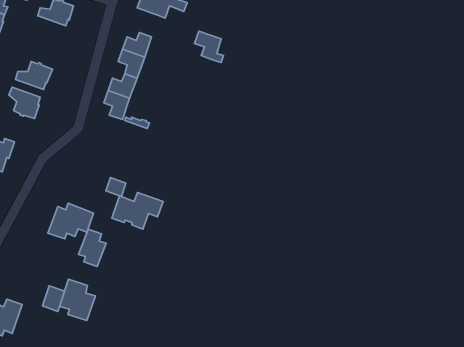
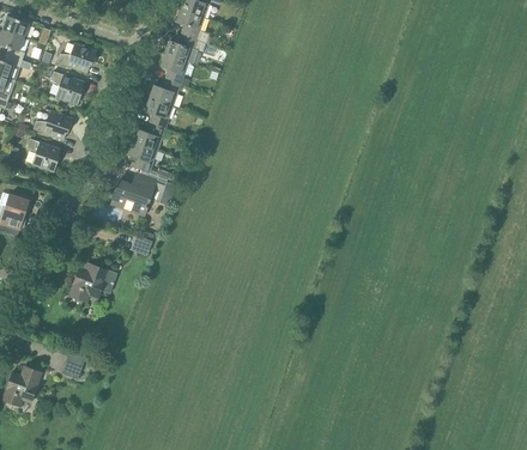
building: none -> [49,71,83,104]
building: [195,31,223,62] -> [158,53,189,86]
building: [112,192,163,229] -> [109,176,164,215]
building: [79,229,106,267] -> none
building: [60,279,95,321] -> none

